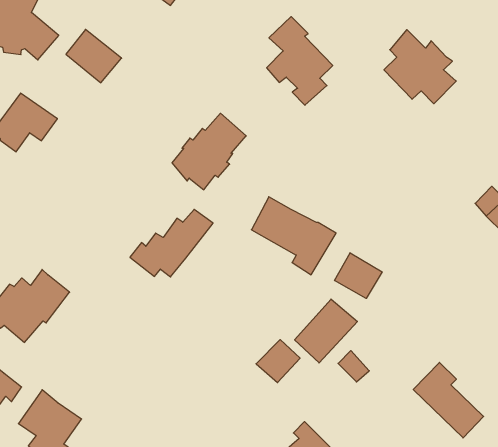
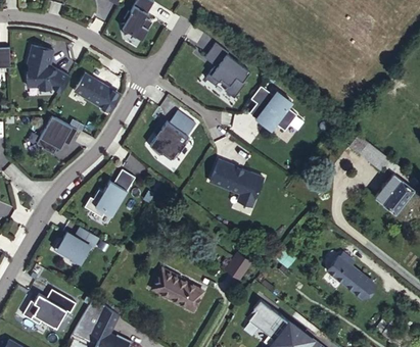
building: [384,30,456,104] -> [248,86,295,131]
building: [130,209,213,277] -> [84,171,134,217]
building: [335,253,382,298] -> none
building: [295,299,357,363] -> none
building: none -> [152,267,201,311]

